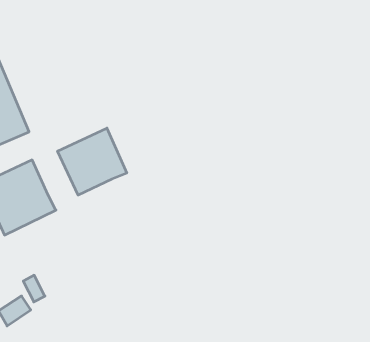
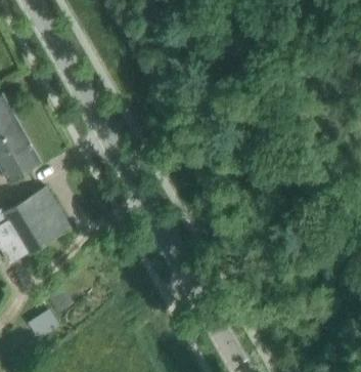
building: [58,128,127,195] -> none

